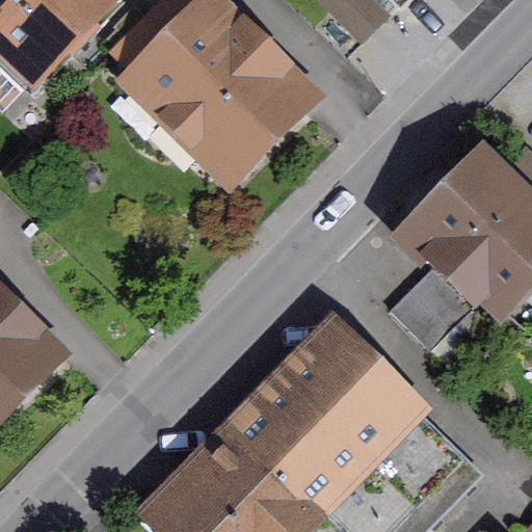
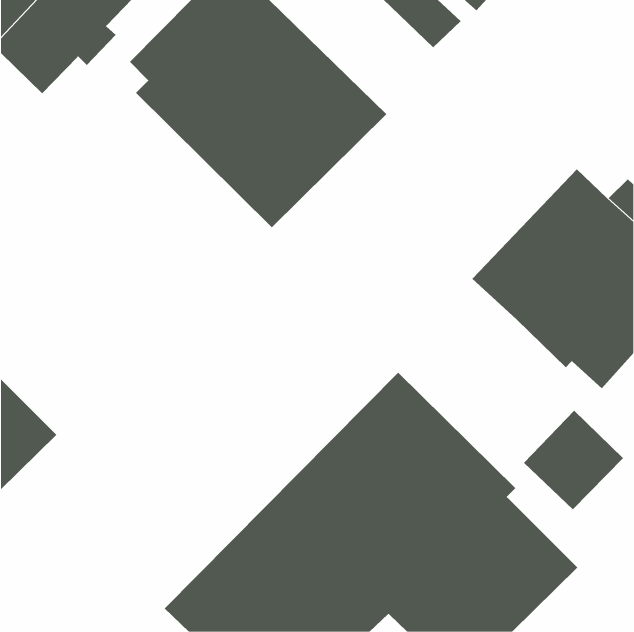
building: [390,268,474,352] -> [523,410,624,510]

